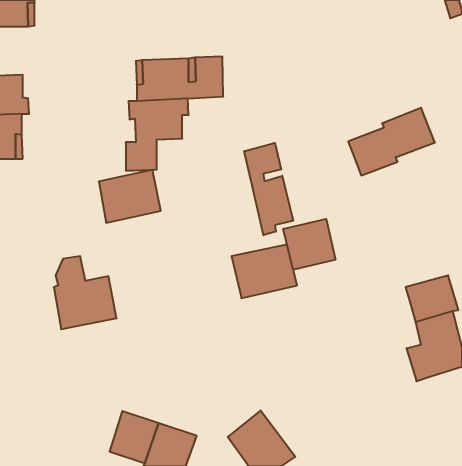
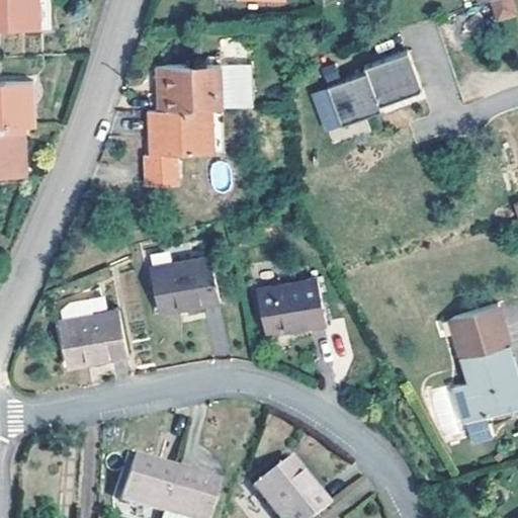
building: [348,108,435,175] -> [327,55,423,130]
building: [244,143,293,235] -> none
building: [99,170,161,223] -> [153,253,222,312]
building: [283,219,335,270] -> none

